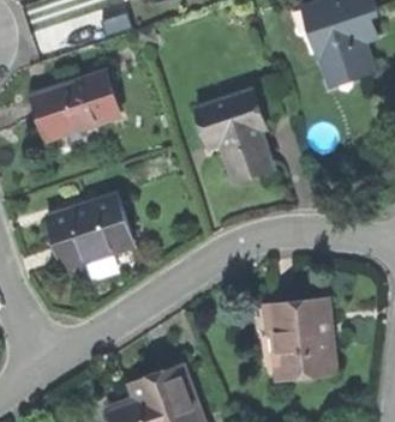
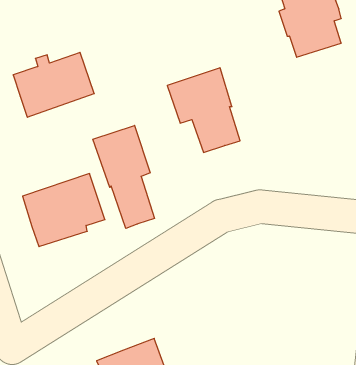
building: none -> [93,125,154,228]
building: [264,295,335,373] -> none

